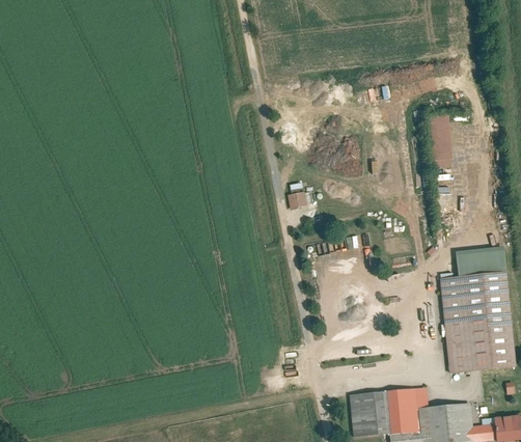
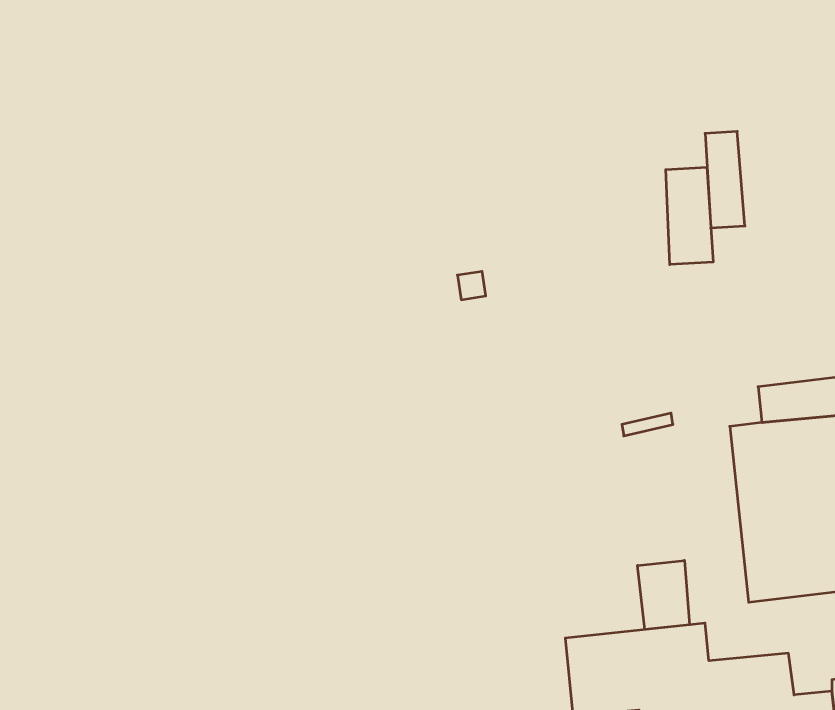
building: none -> [666,167,713,265]
building: none -> [638,560,690,629]

